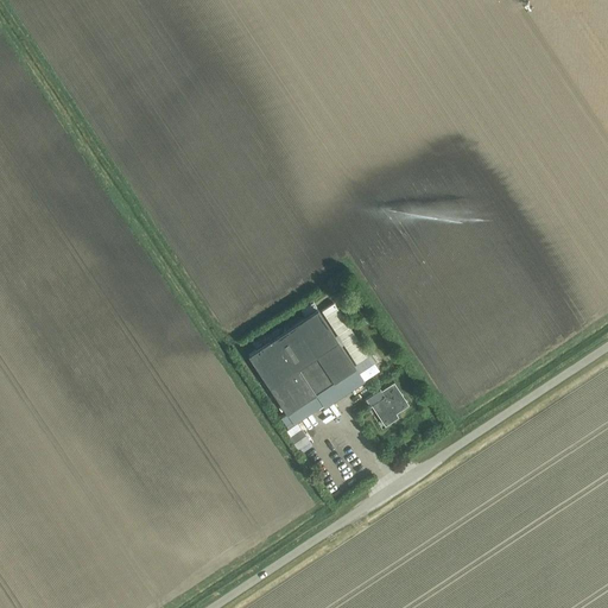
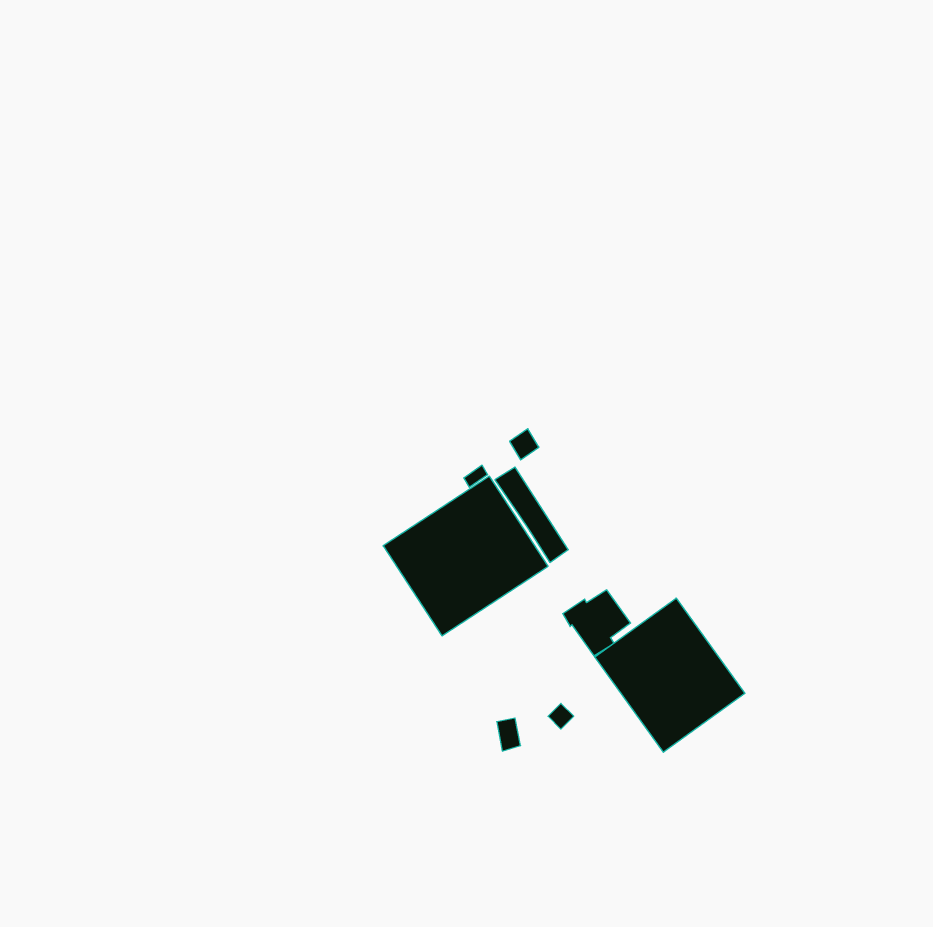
building: none -> [595,598,745,752]

